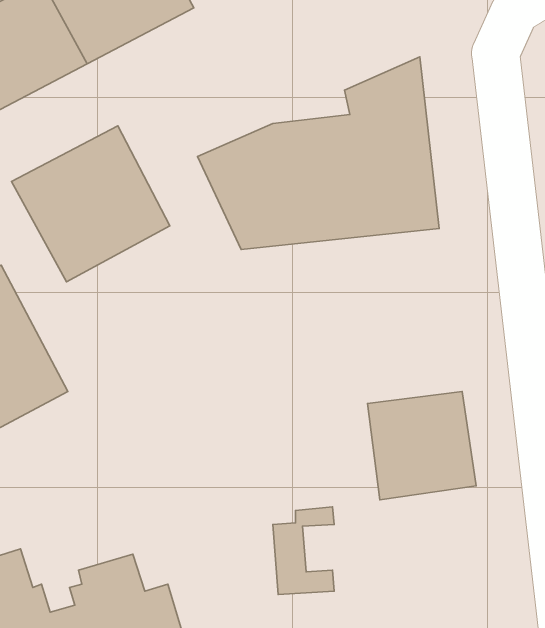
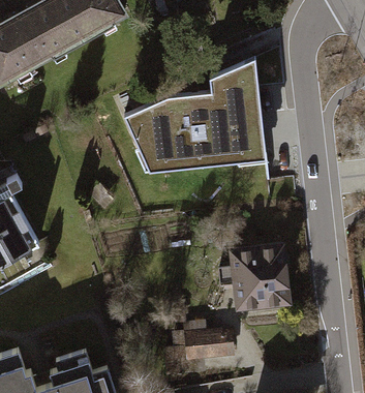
building: [12,126,170,282] -> none
building: none -> [186,328,234,358]

